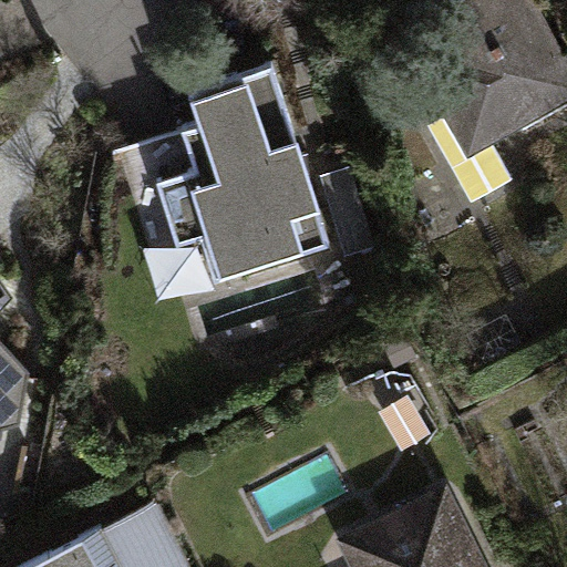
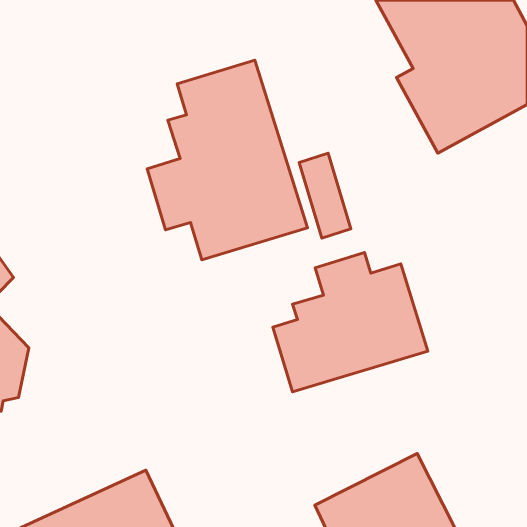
building: none -> [273,253,428,392]

